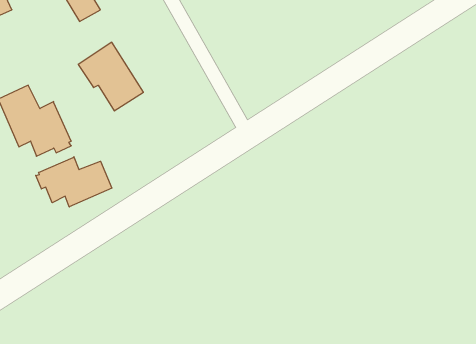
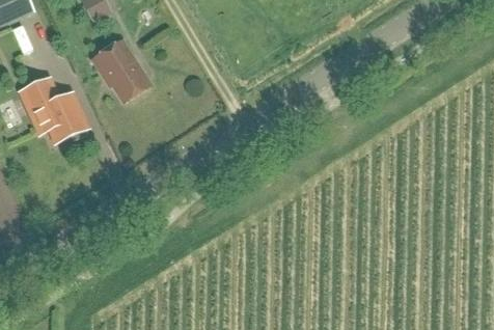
building: [36,157,112,207] -> none

